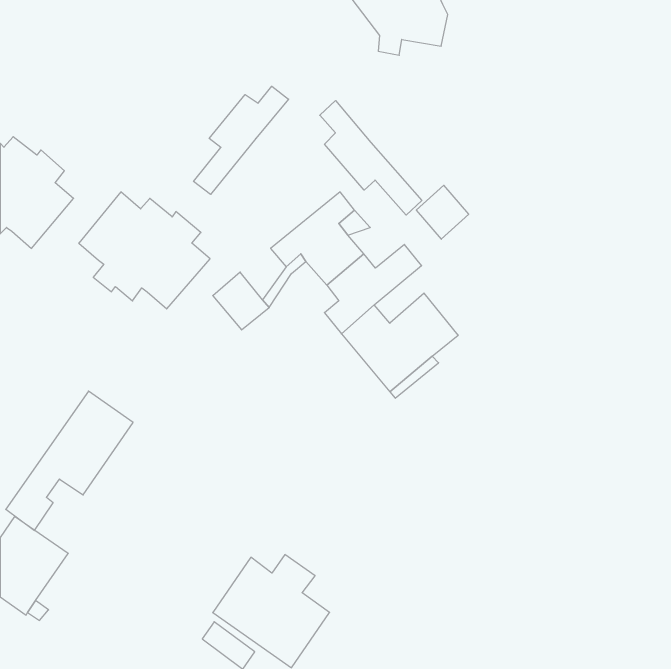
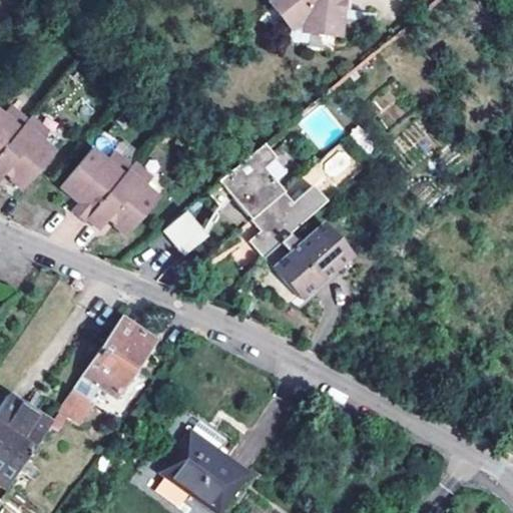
building: [194,86,289,194] -> none
building: [320,101,422,215] -> none
building: [6,391,133,530] -> [61,318,158,424]

